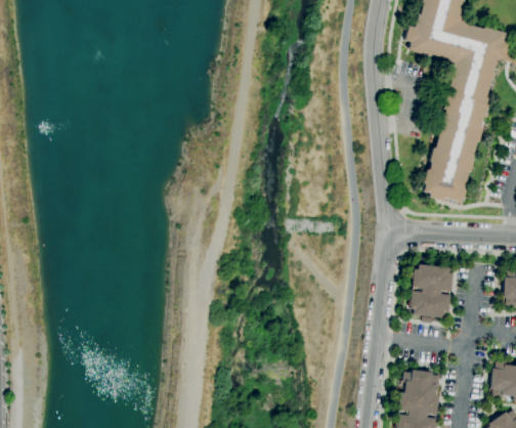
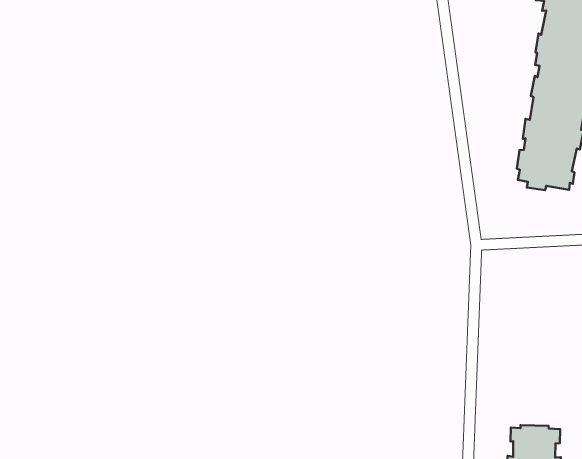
building: [410,264,453,318] -> none

